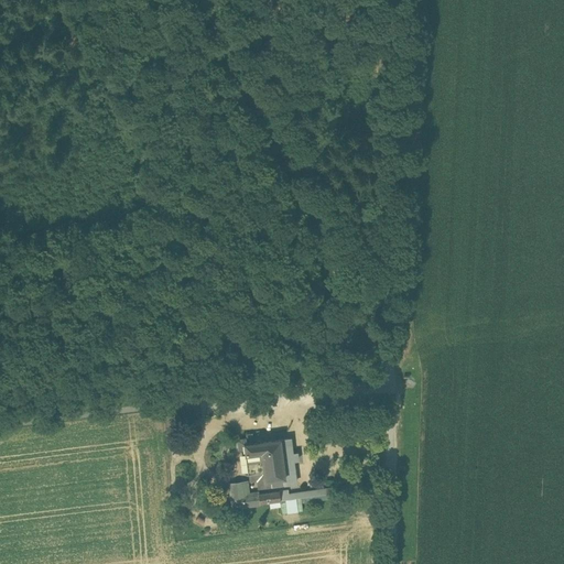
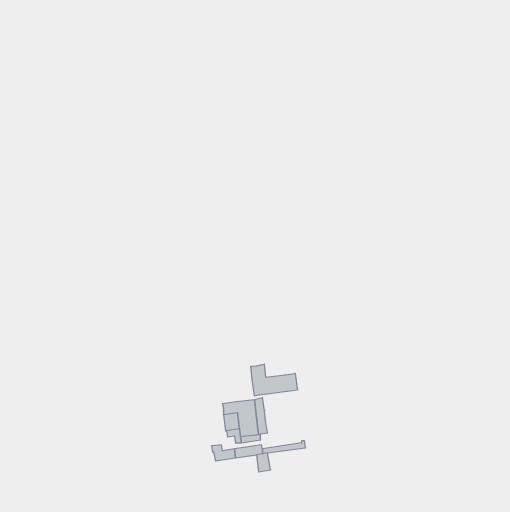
building: none -> [251,364,297,396]

